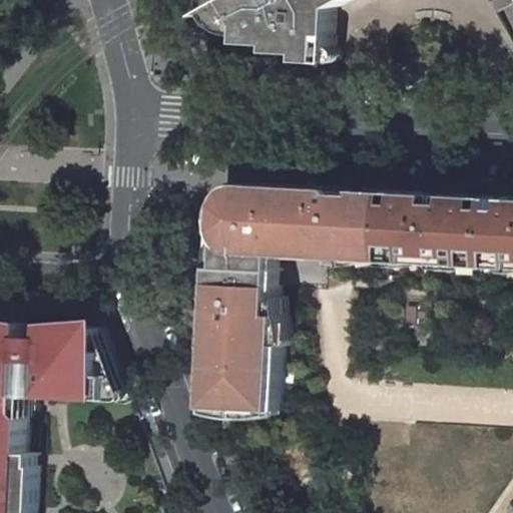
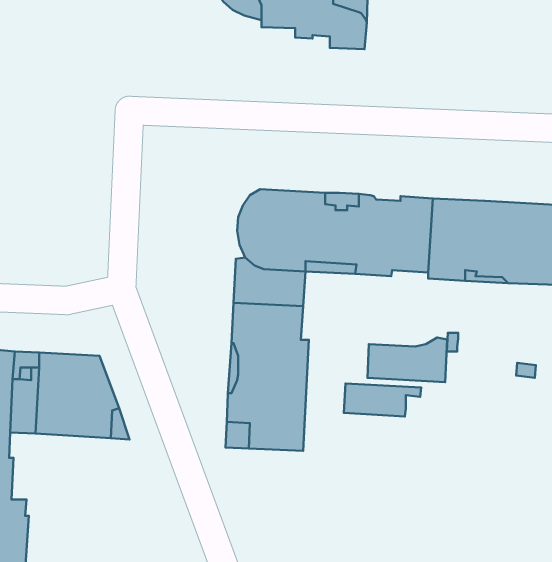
building: none -> [368,337,447,382]
building: none -> [344,383,421,417]

